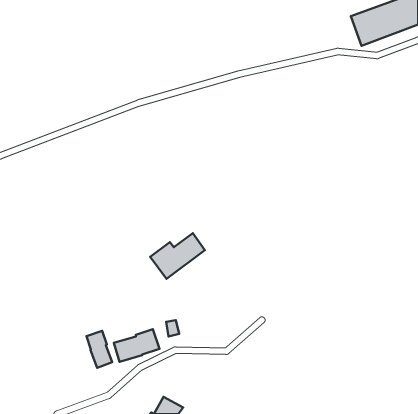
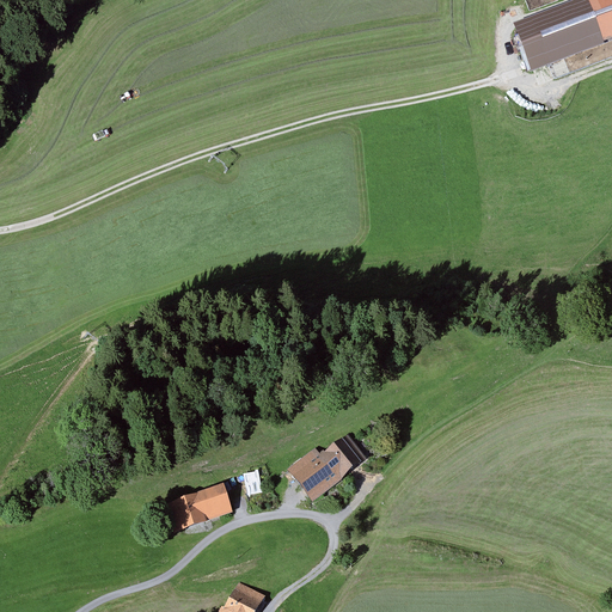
building: [150,233,205,279] -> [287,433,367,500]
building: [86,331,112,368] -> none

